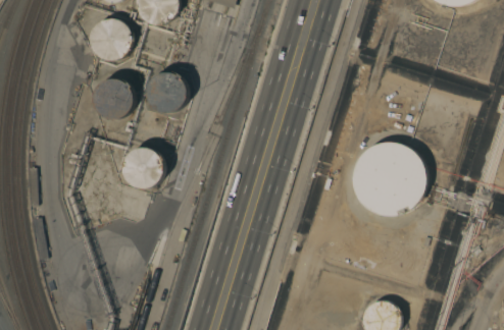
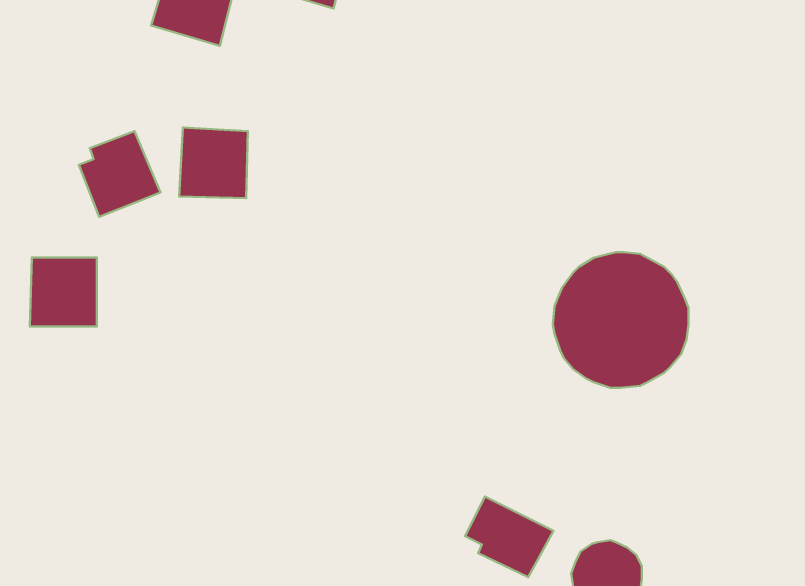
building: [92,18,130,58] -> none
building: [125,149,162,186] -> [30,258,97,326]
building: none -> [465,497,554,577]

